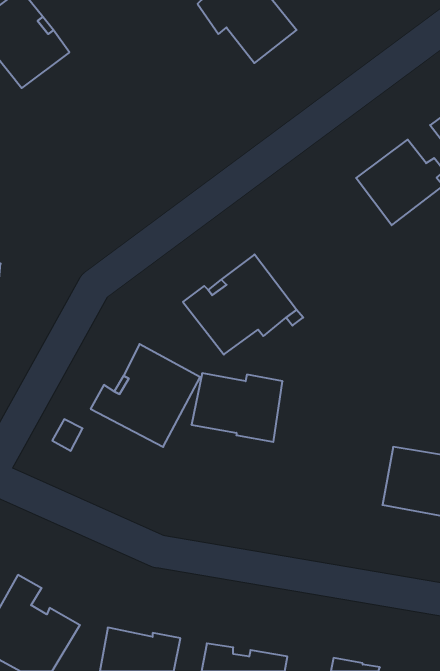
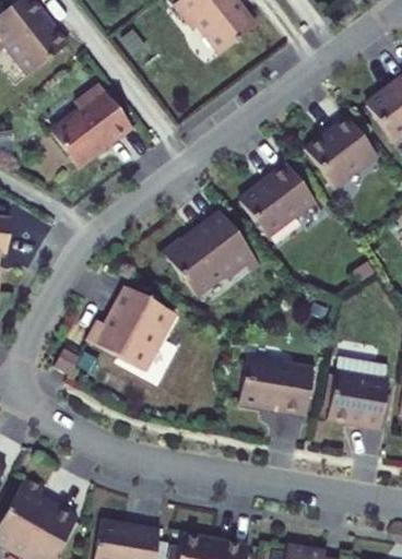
building: none -> [50,83,132,167]
building: none -> [239,162,317,235]
building: [191,373,283,442] -> [238,358,314,415]

